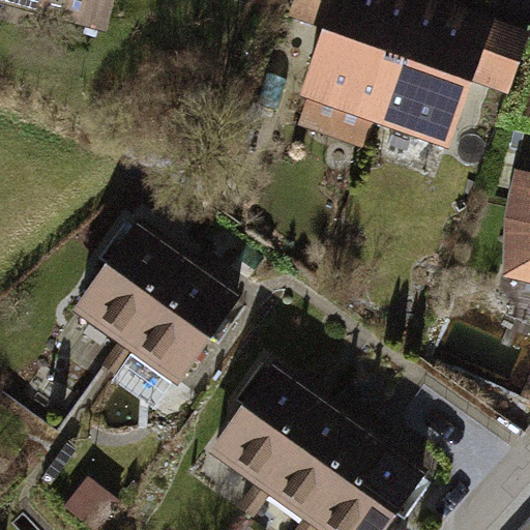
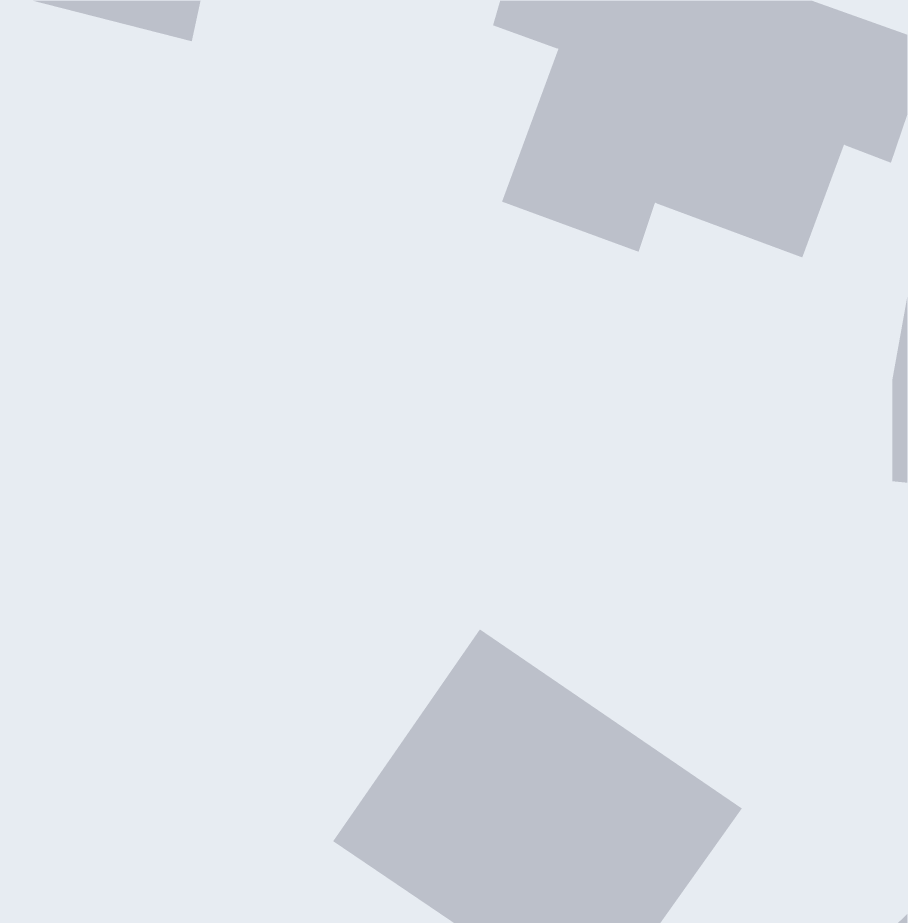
building: [53,217,247,416] -> none

